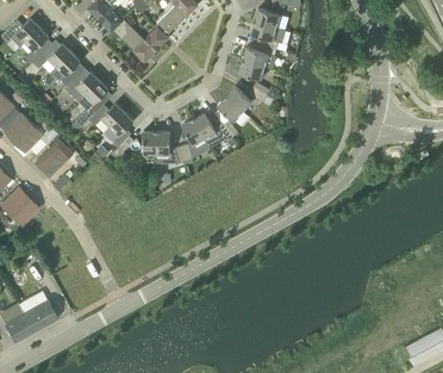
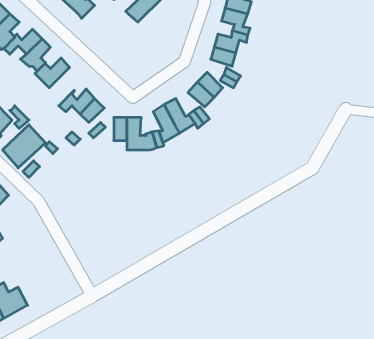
building: [113,20,168,63] -> none
building: [79,82,108,120] -> none

